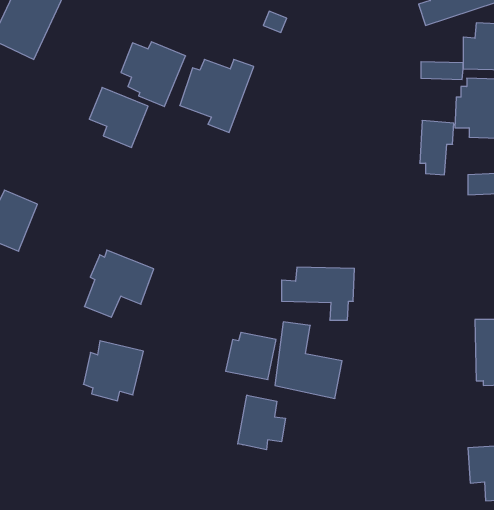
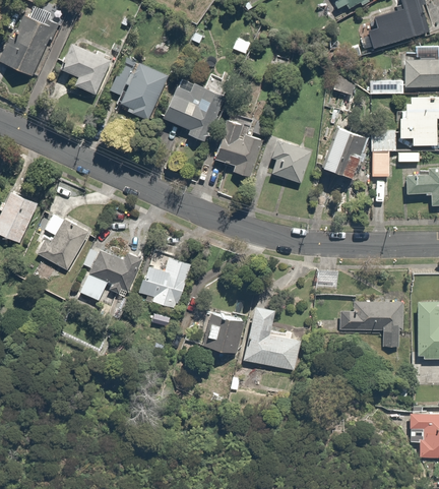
building: [89,87,148,147] -> [58,42,109,94]
building: none -> [215,125,264,181]
building: none -> [318,125,367,176]
building: none -> [269,139,311,184]
building: none -> [35,212,87,271]
building: [282,267,354,320] -> [341,302,404,348]
building: [83,341,143,401] -> [140,254,192,306]
building: [238,395,285,450] -> none

